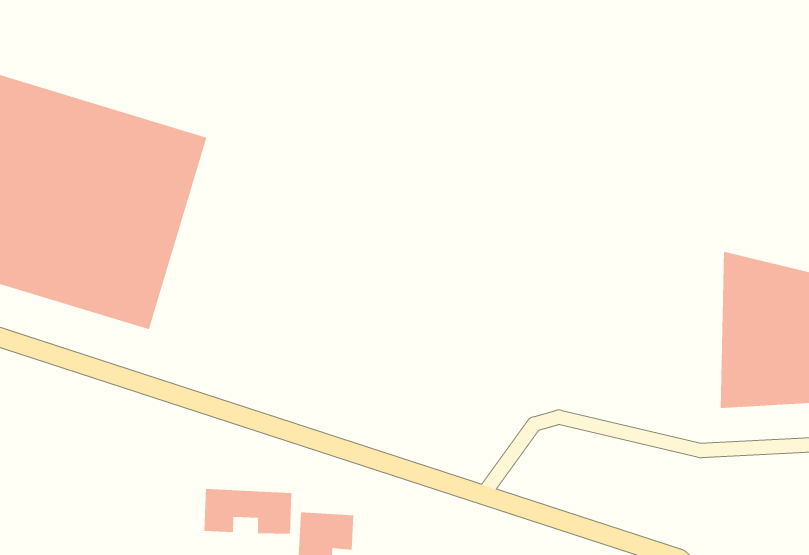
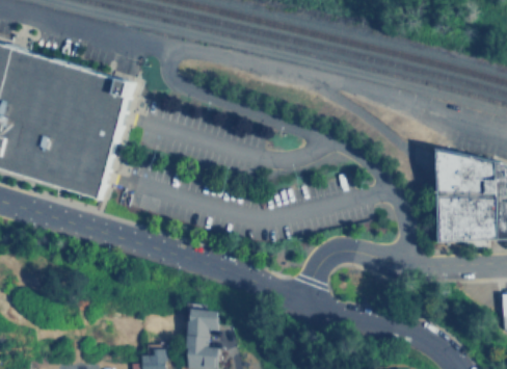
building: [204,488,292,534] -> none

